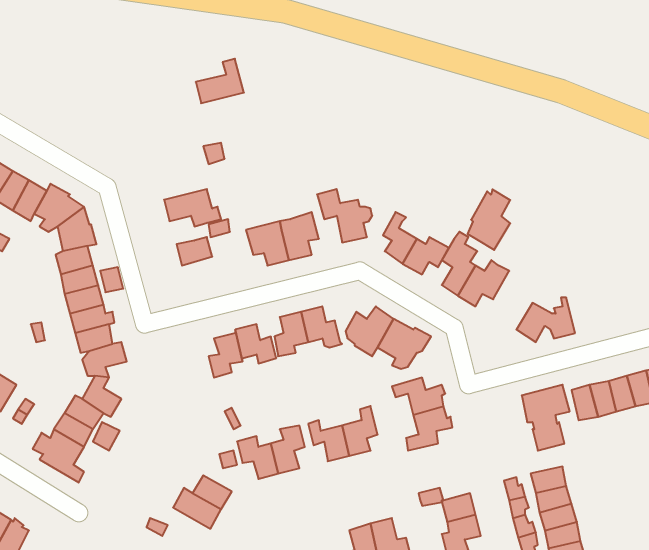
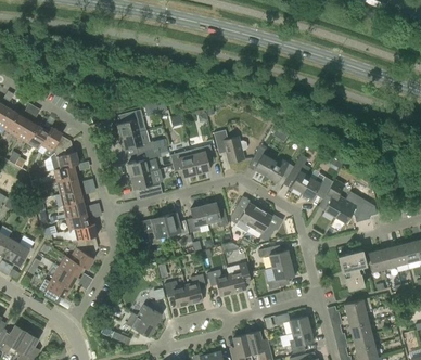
building: [196,59,244,103] -> [117,110,146,137]
building: [468,189,510,250] -> [319,179,345,216]
building: none -> [131,171,163,197]

